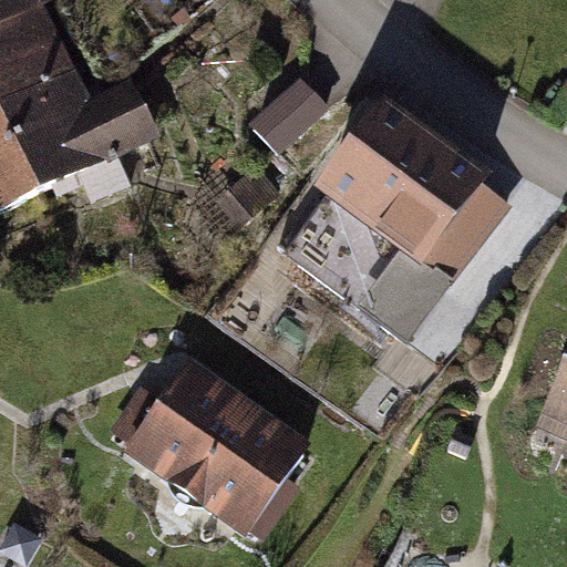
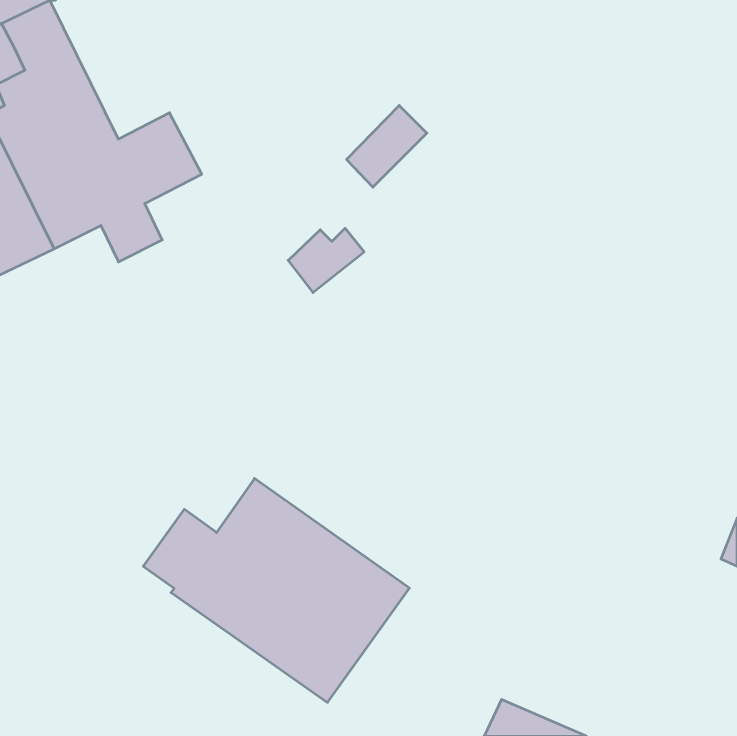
building: [299,104,491,338] -> none

